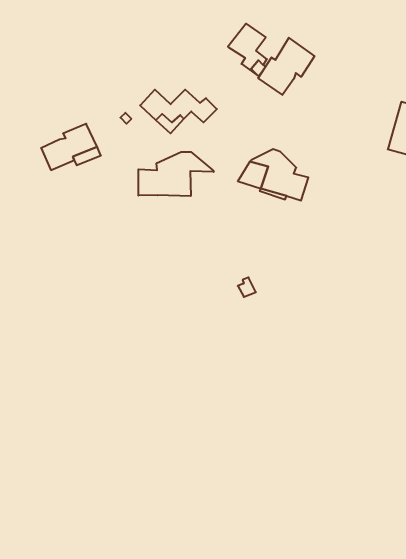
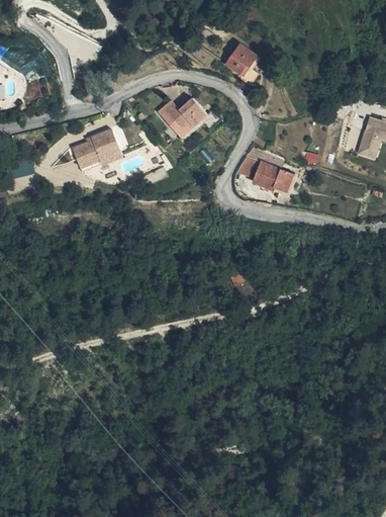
building: [258,38,314,95] -> none
building: [138,152,214,196] -> none

